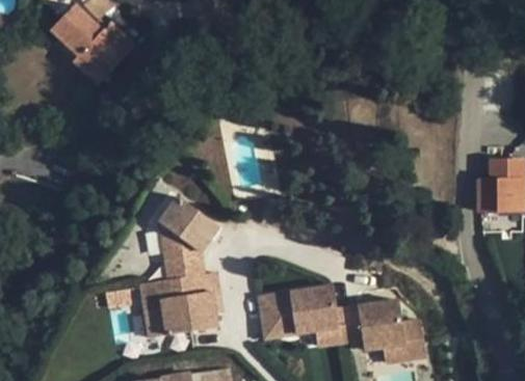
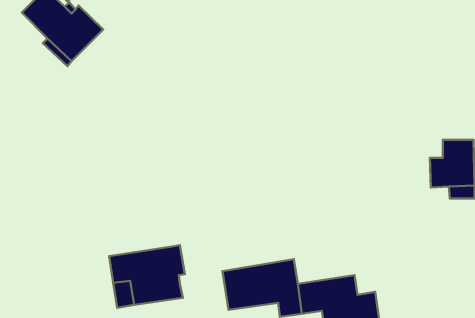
building: [160,196,218,278] -> none

